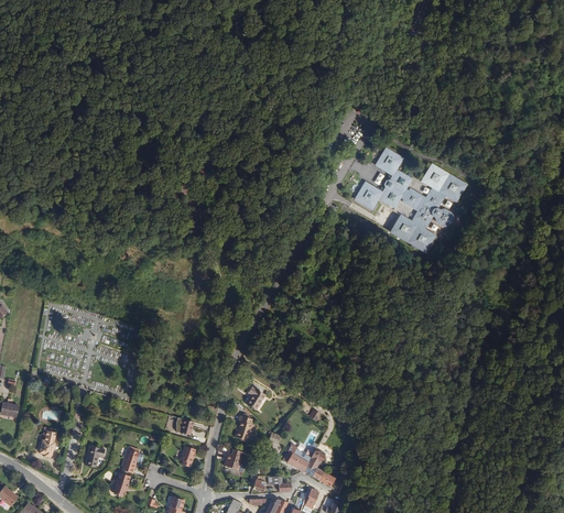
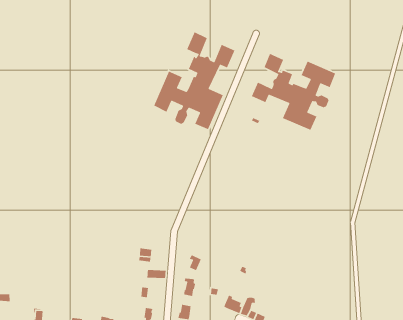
building: none -> [153,31,235,130]

